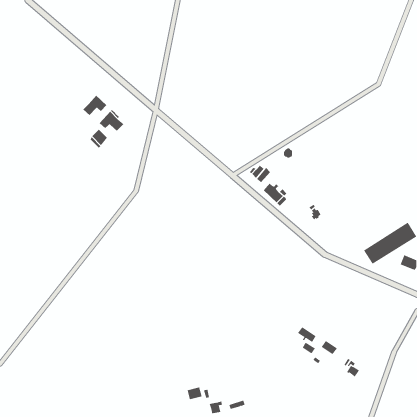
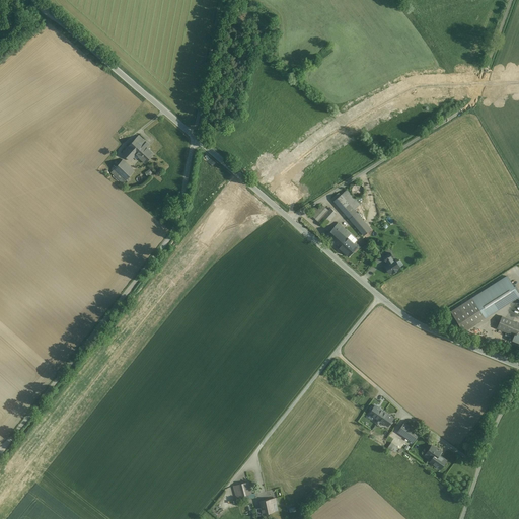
building: [82,95,107,116] -> none
building: none -> [332,190,370,235]

